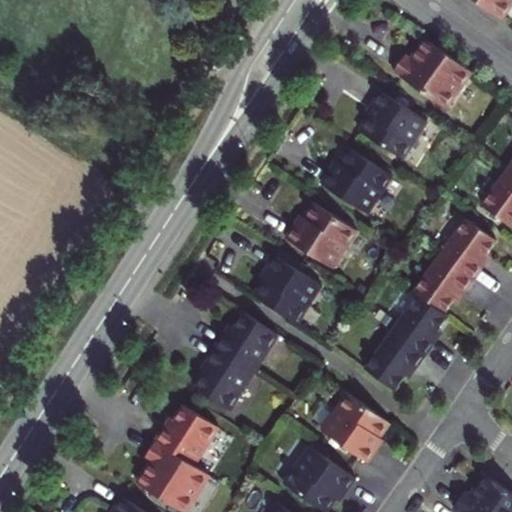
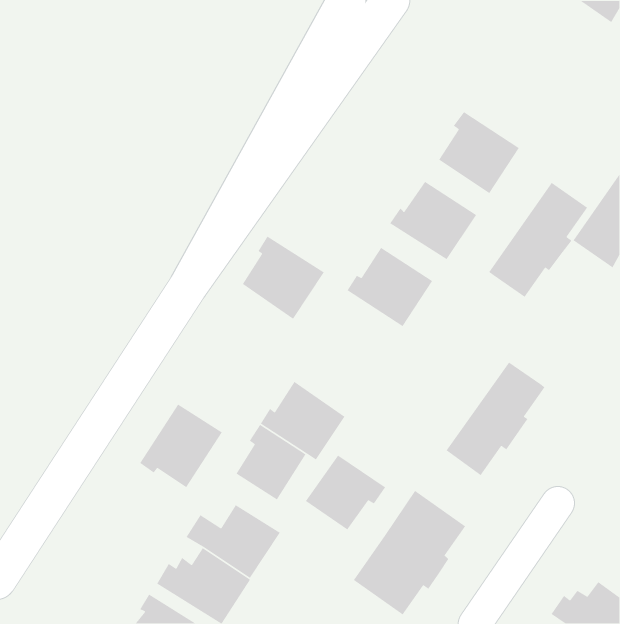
building: [392,44,471,108] -> none
building: [413,219,495,314] -> [488,182,588,298]
building: [252,255,320,324] -> [242,235,325,320]
building: none -> [139,403,223,488]
building: none -> [305,454,386,531]

